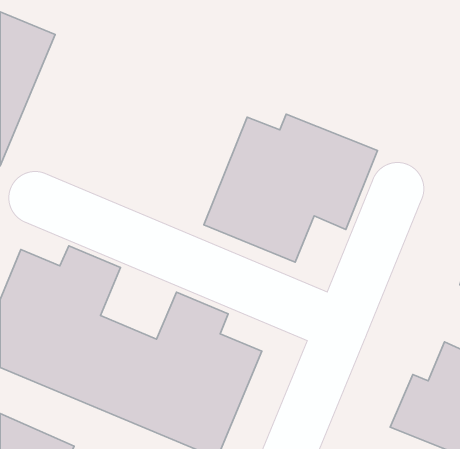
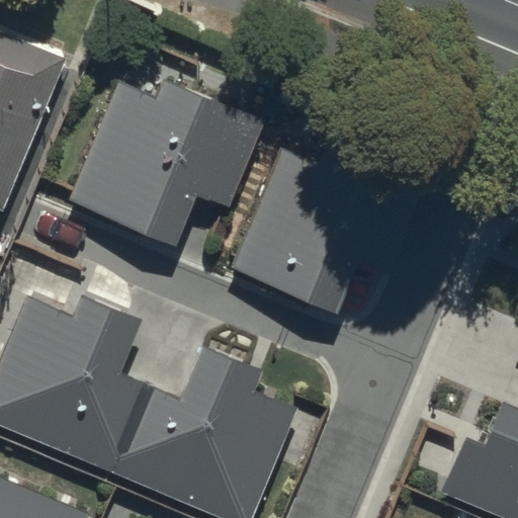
building: none -> [69,76,262,240]

